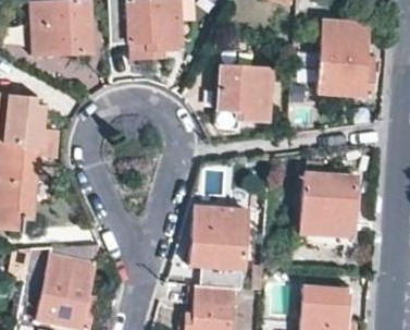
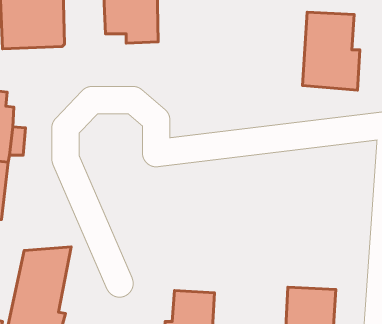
building: [213,66,271,129] -> none
building: [300,175,356,237] -> none
building: [189,208,248,269] -> none

